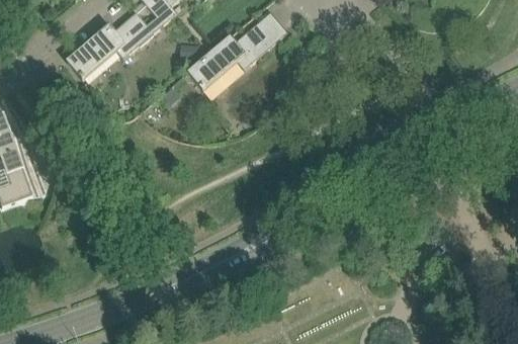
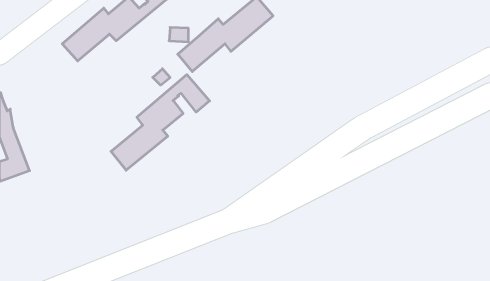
building: none -> [111,75,210,170]

